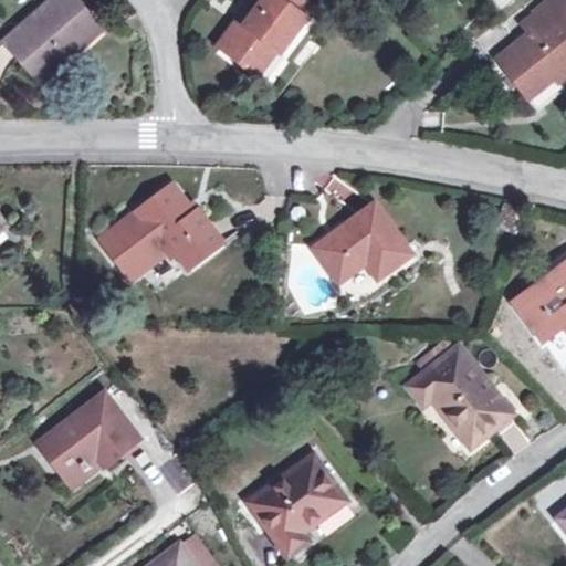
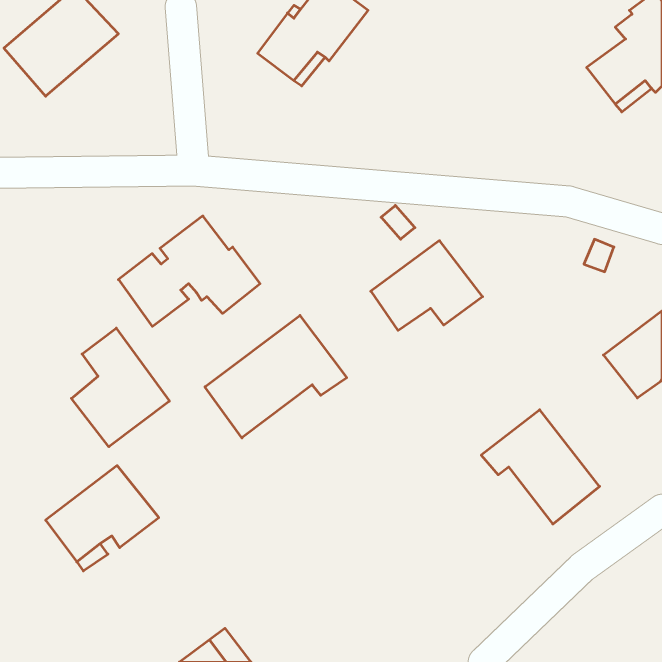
building: none -> [205,315,347,438]
building: none -> [71,328,169,447]
building: [251,457,344,554] -> none

